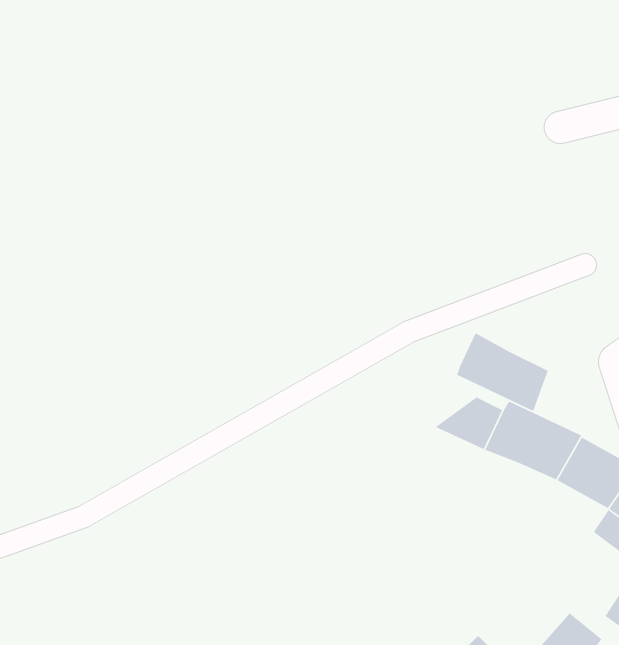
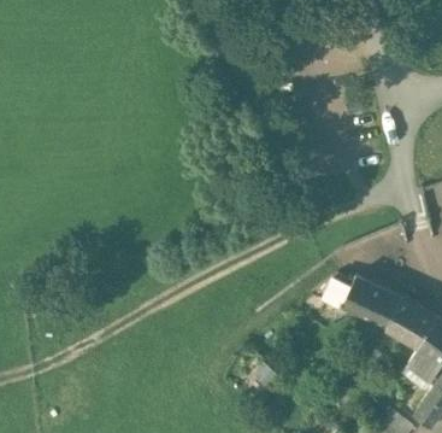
building: [456,332,549,412] -> none

